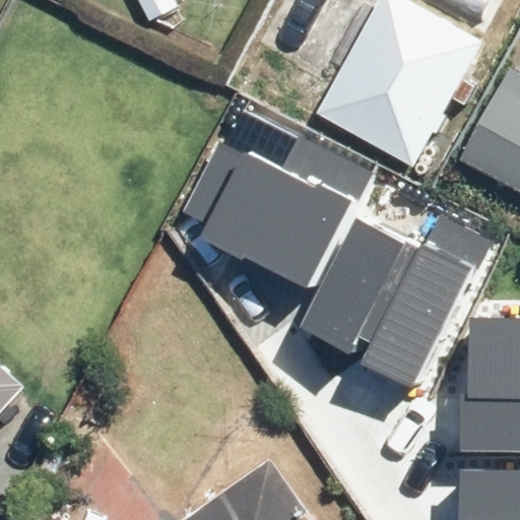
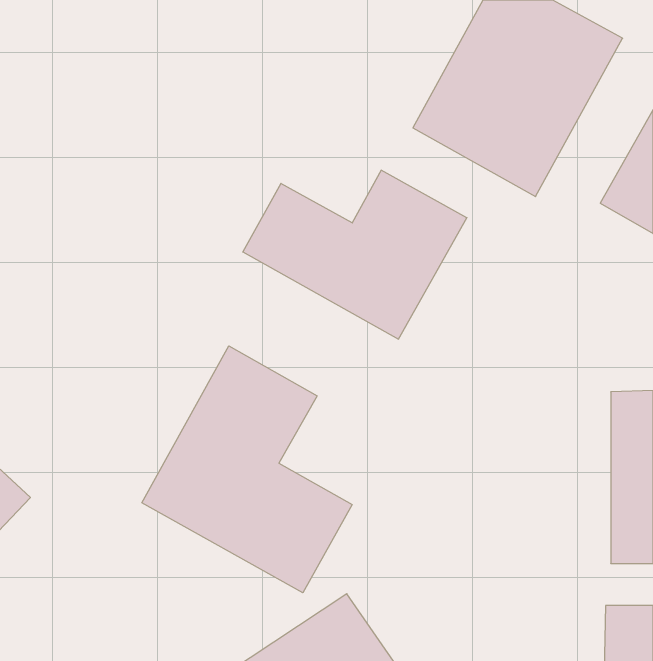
building: [306,220,476,379] -> none
building: none -> [142,346,352,593]

